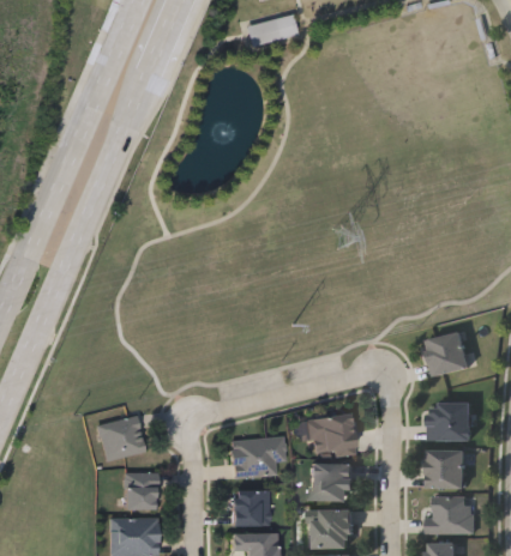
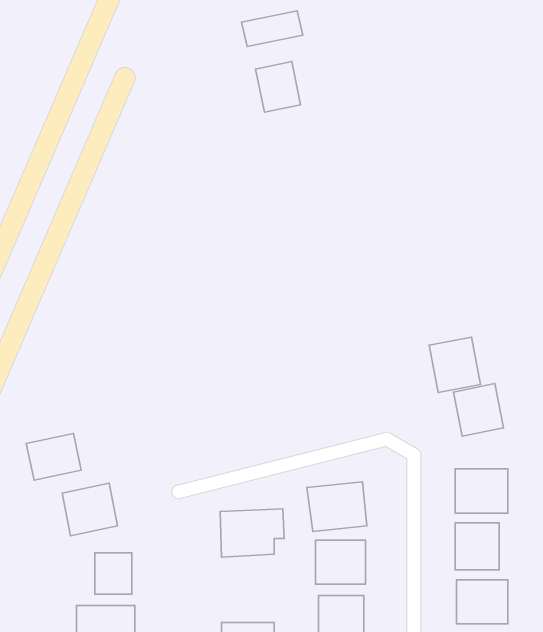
building: none -> [256,62,301,112]
building: none -> [429,337,481,393]
building: none -> [26,434,81,480]
building: [232,490,269,525] -> none

